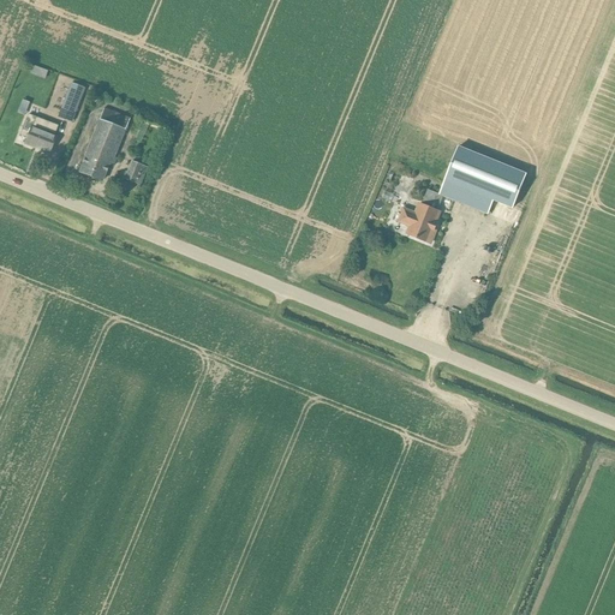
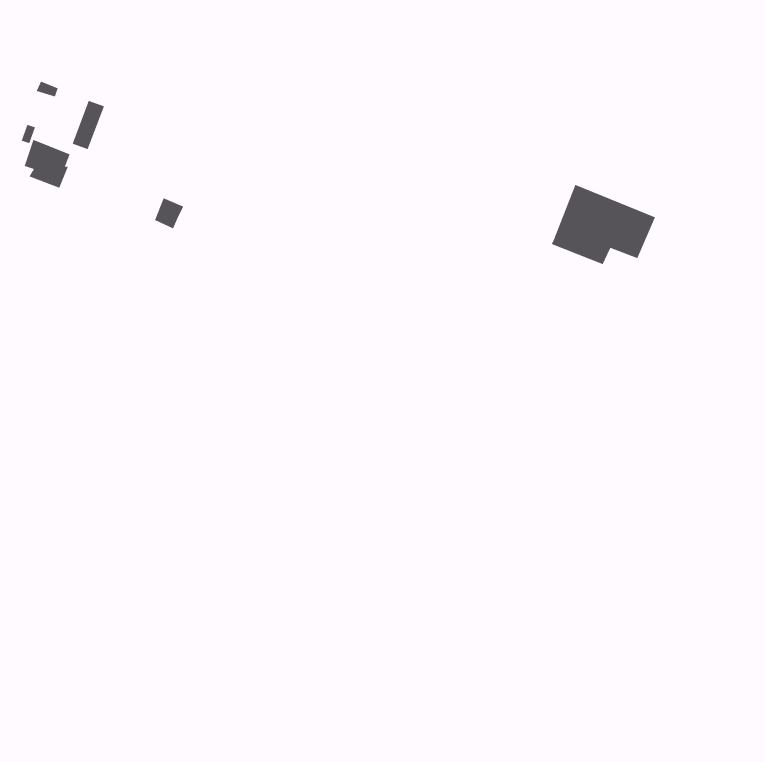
building: [78,106,129,179] -> none
building: [399,186,443,240] -> none

